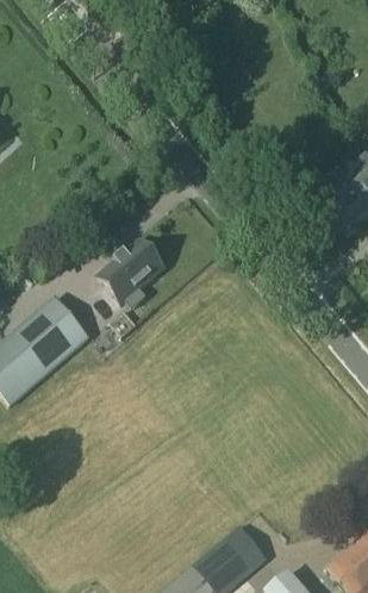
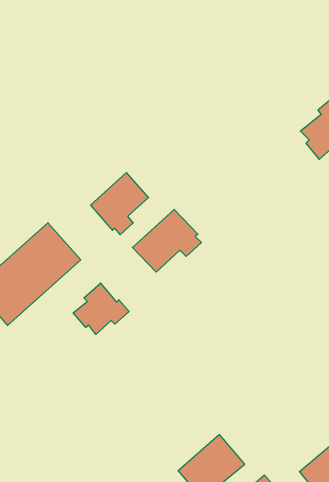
building: none -> [132,209,201,272]
building: none -> [73,283,129,334]

